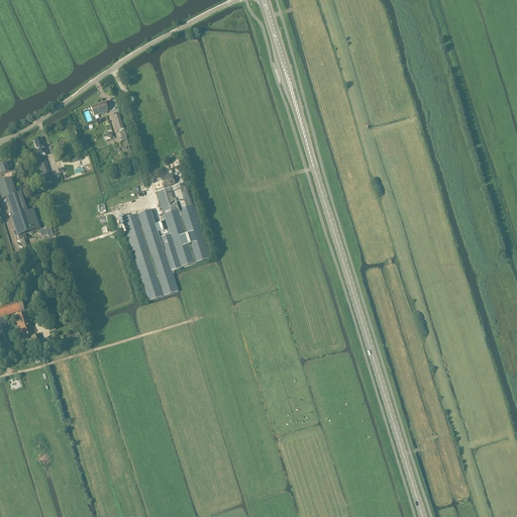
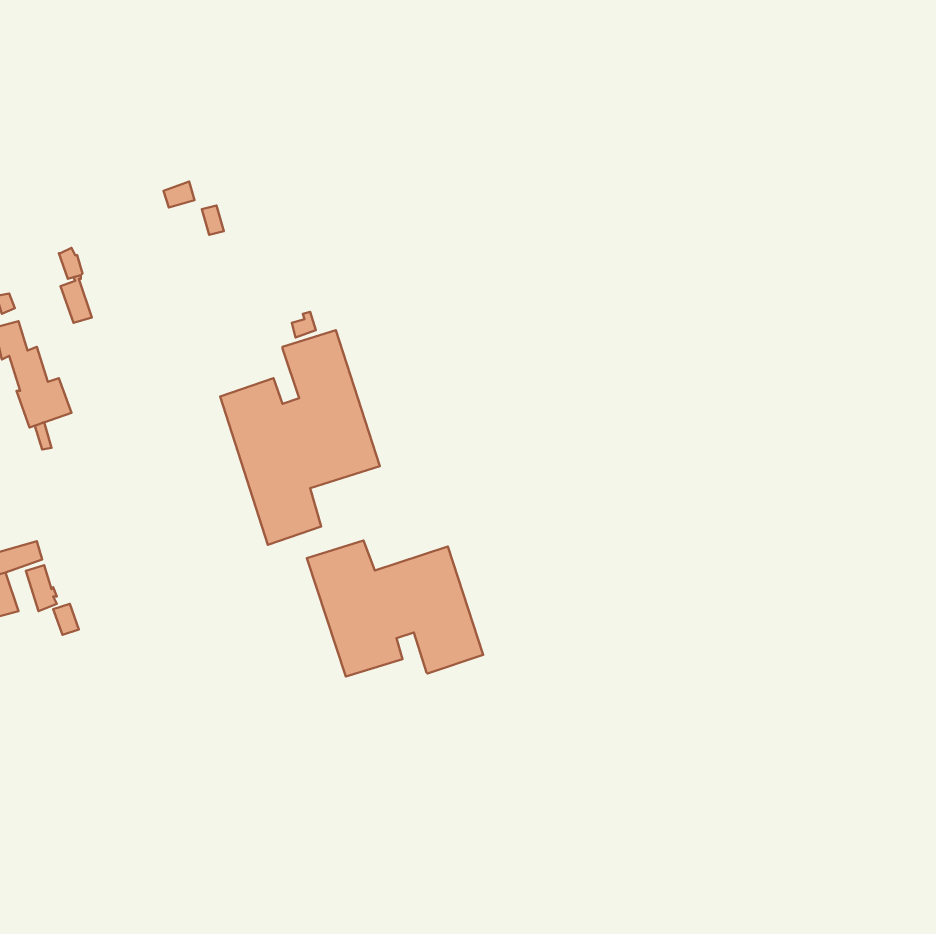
building: none -> [307,541,483,677]

